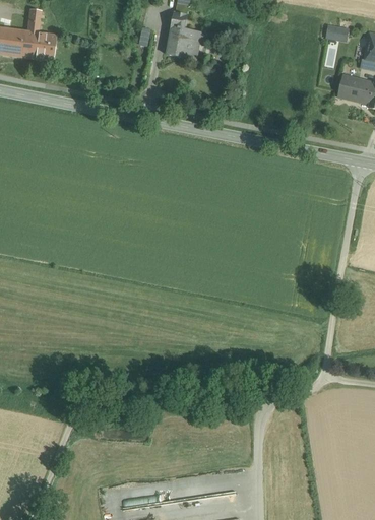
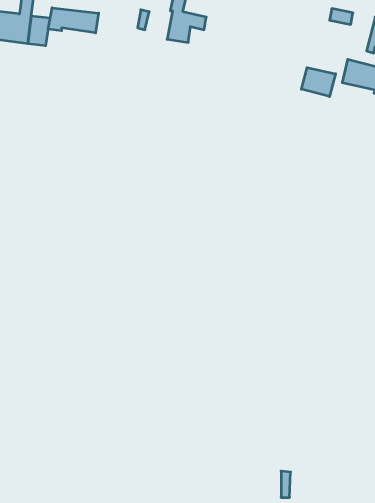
building: none -> [48,8,99,33]
building: none -> [301,68,336,97]

